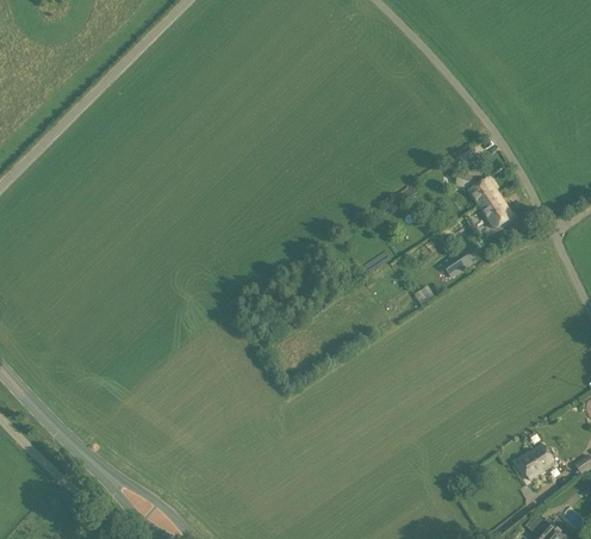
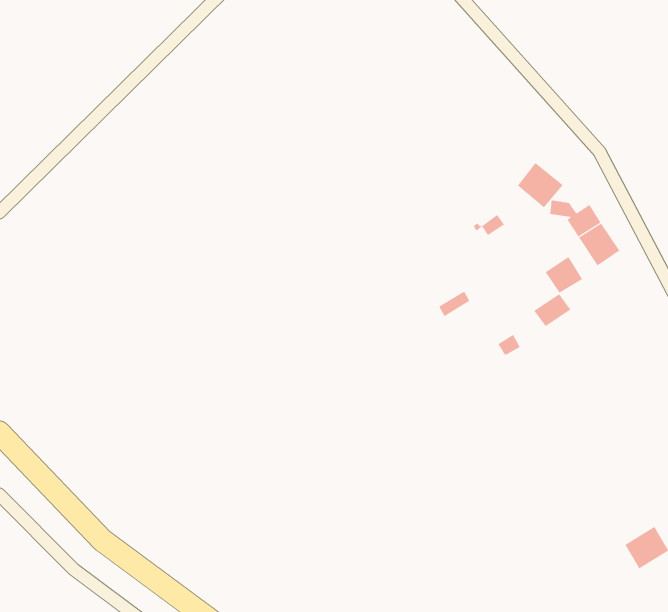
building: none -> [517,162,564,208]
building: none -> [545,256,583,294]

